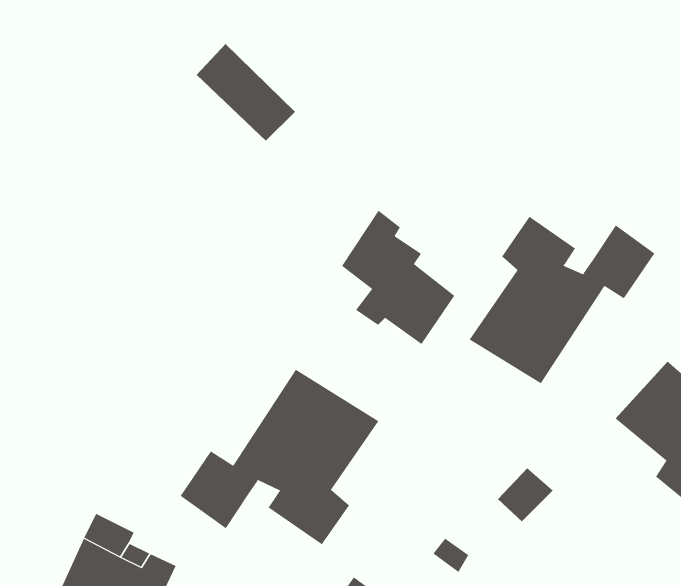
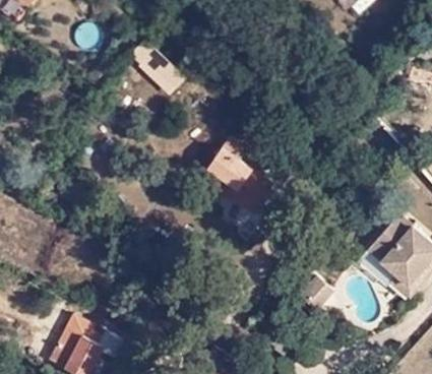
building: [469,216,655,384] -> none
building: [180,369,379,545] -> none

